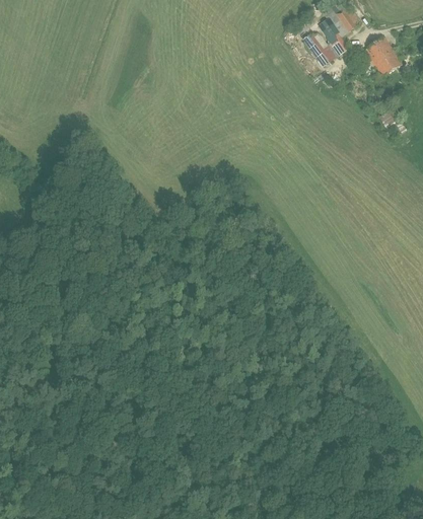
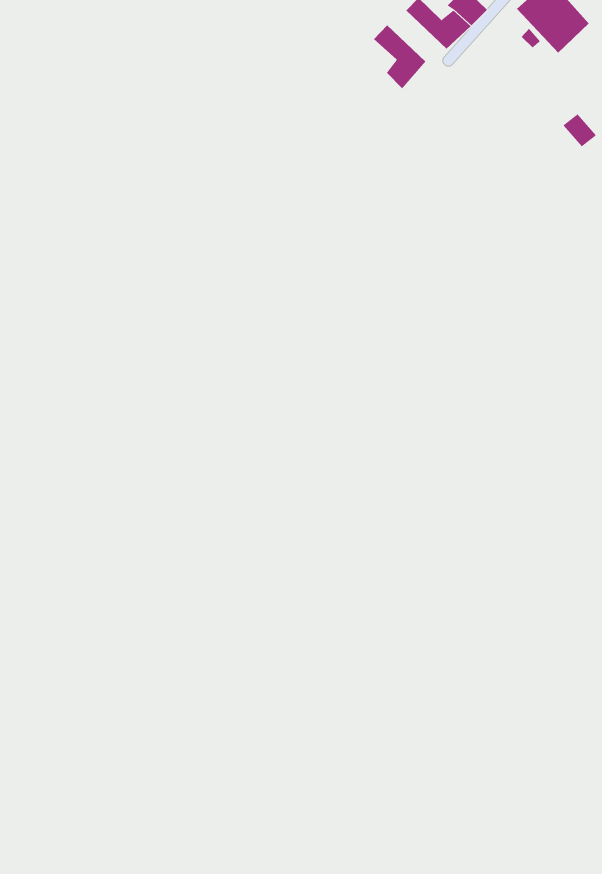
building: none -> [373,24,426,89]

